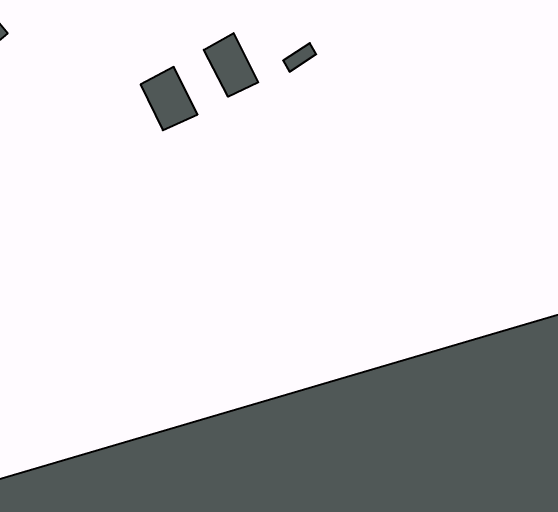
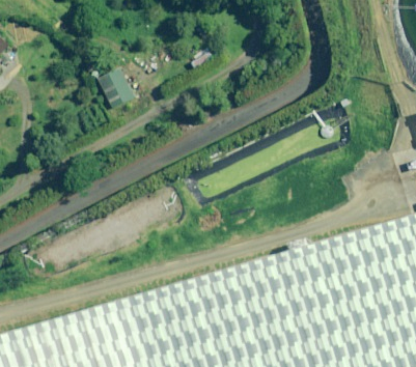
building: [204,33,258,97] -> none

